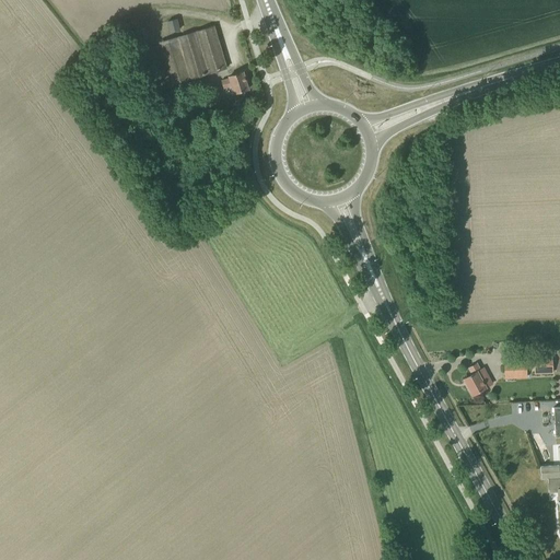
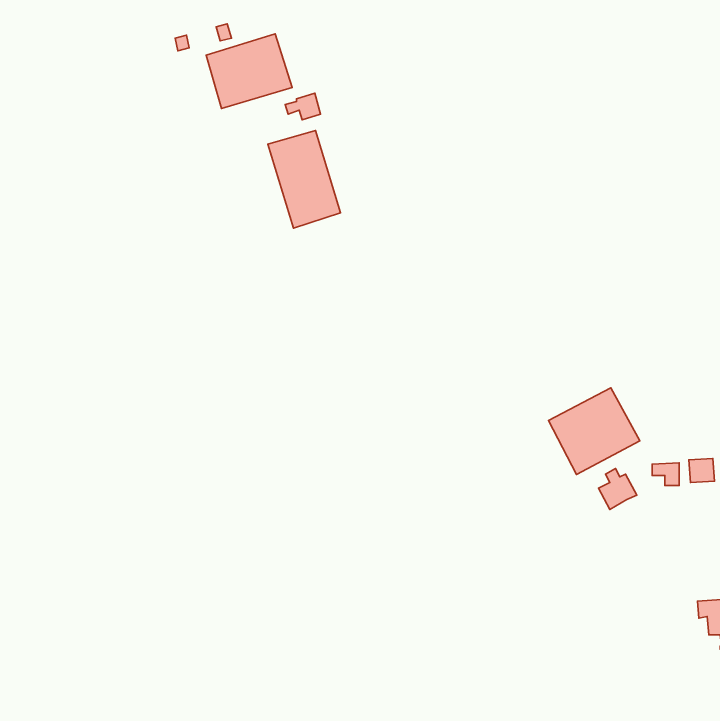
building: none -> [268,131,340,228]
building: none -> [549,388,640,475]

